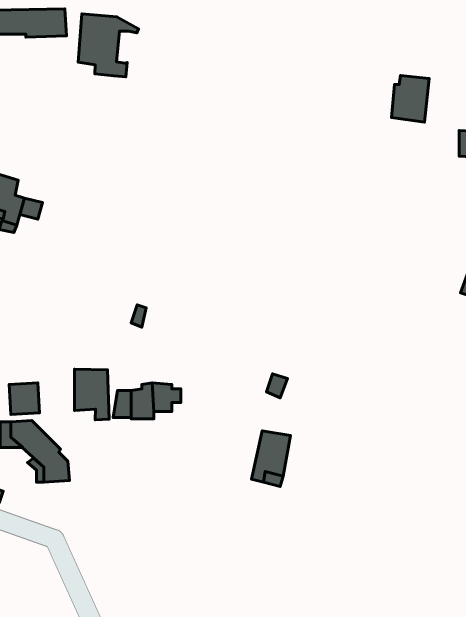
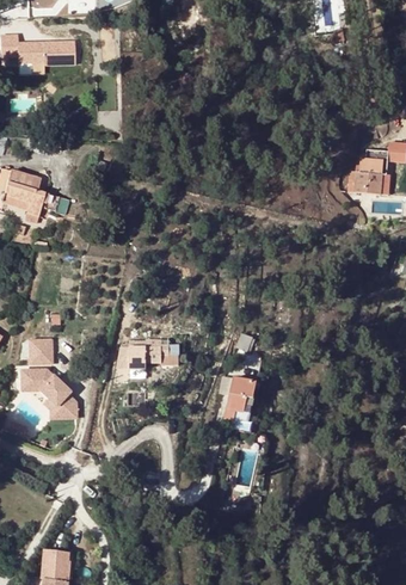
building: [78,14,139,77] -> none
building: [391,76,429,122] -> [353,158,383,195]
building: [74,369,109,420] -> none

